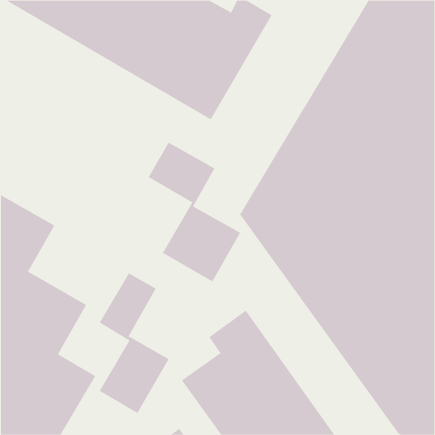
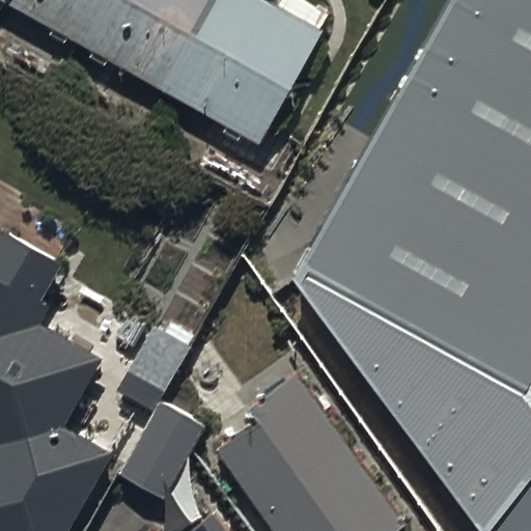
building: [148,142,241,282] -> none

